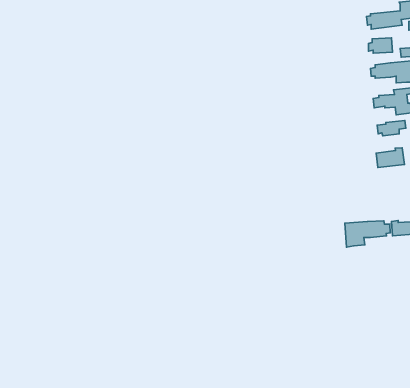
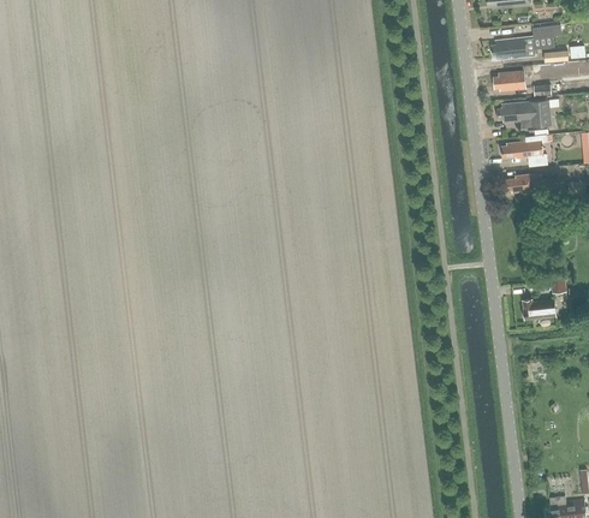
building: [376,148,404,168] -> none
building: [345,221,390,247] -> none

